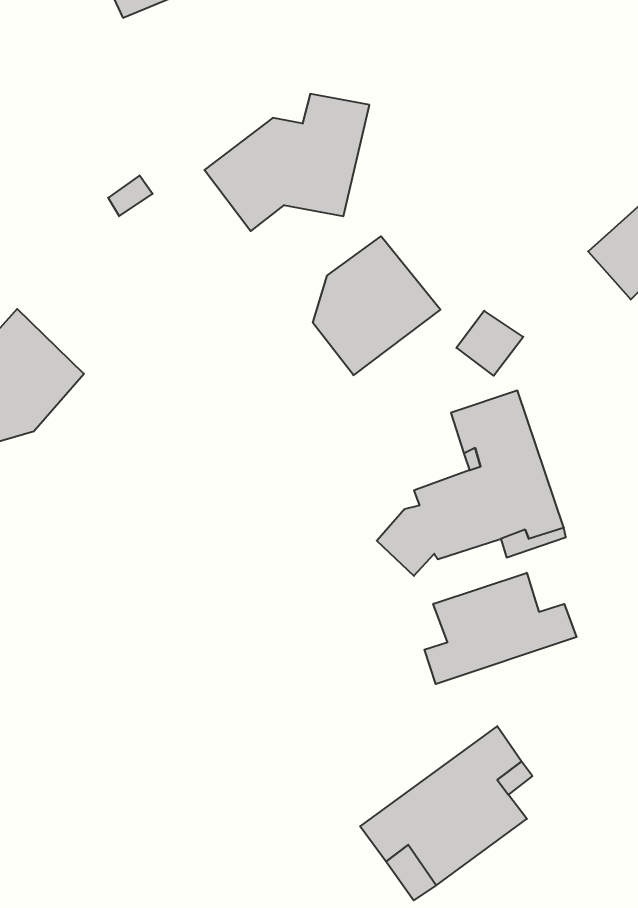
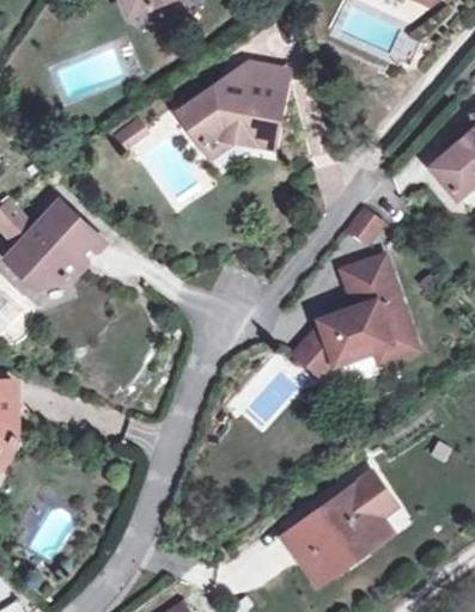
building: [313,236,440,375] -> none
building: [424,573,577,684] -> none

